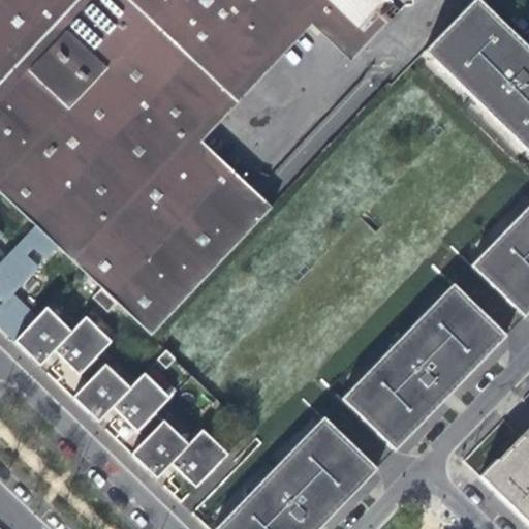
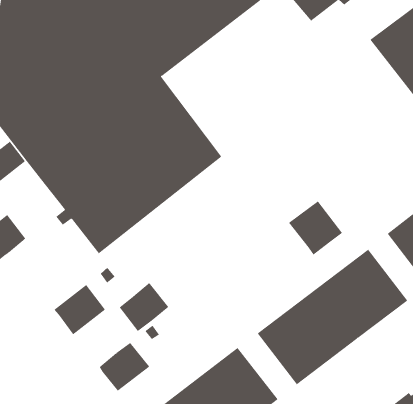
building: none -> [288,200,343,255]
building: [55,315,113,374] -> none
building: [74,363,131,419] -> none
building: [134,418,190,475] -> [119,282,169,332]

